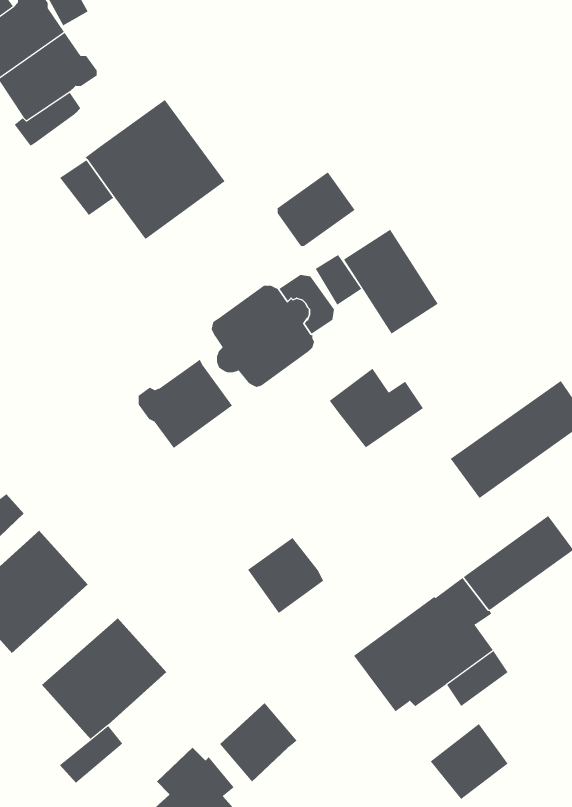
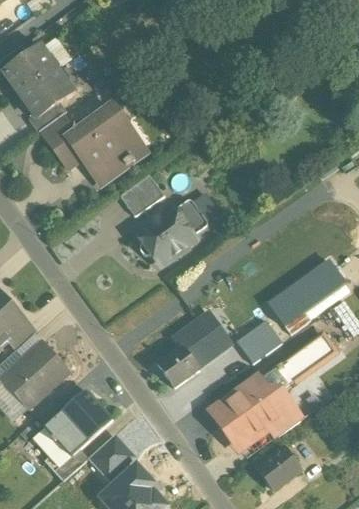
building: none -> [41,114,76,149]
building: [277,172,355,246] -> [121,175,164,216]
building: [343,229,439,334] -> none
building: [138,359,233,449] -> none
building: [329,368,424,448] -> [176,320,228,364]
building: none -> [237,321,282,364]
building: none -> [34,427,71,471]
building: [219,702,298,782] -> [89,436,132,480]

